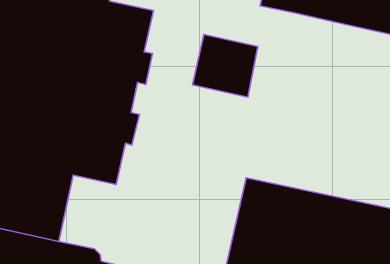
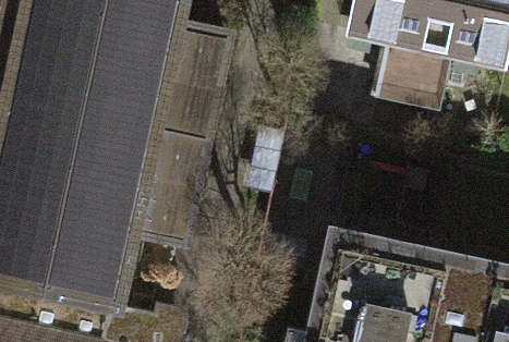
building: [193,34,258,97] -> [374,36,450,109]

